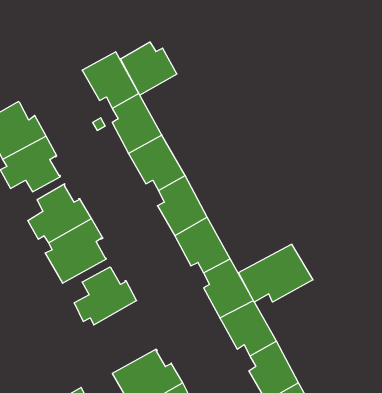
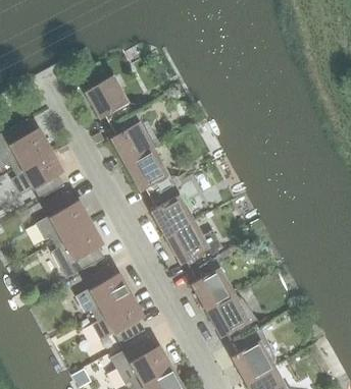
building: [120,42,177,95] -> none
building: [238,244,313,302] -> none
building: none -> [93,294,146,344]

